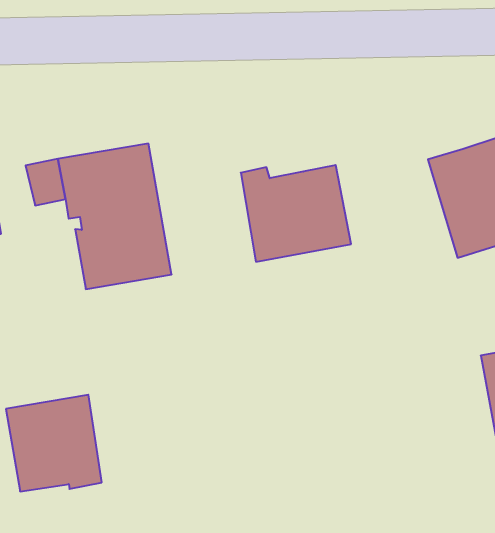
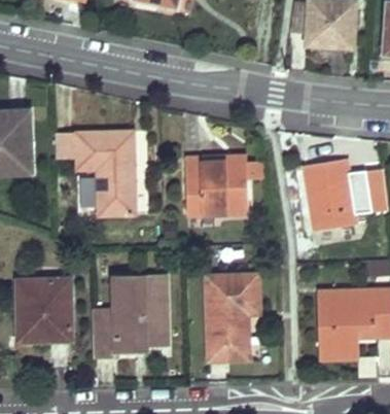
building: none -> [206,274,256,357]
building: none -> [92,278,166,355]

